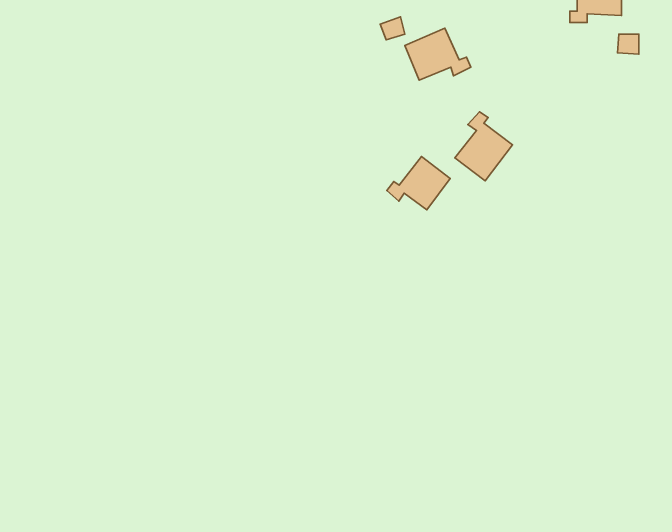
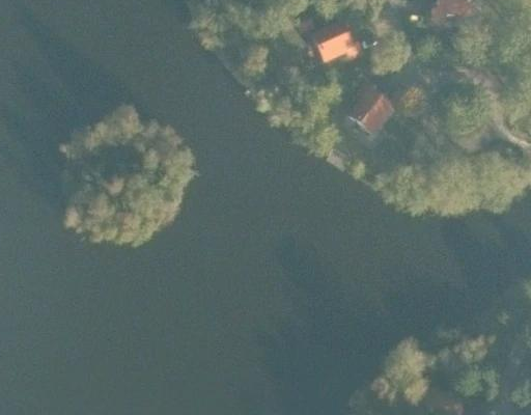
building: [387,157,450,210] -> none

